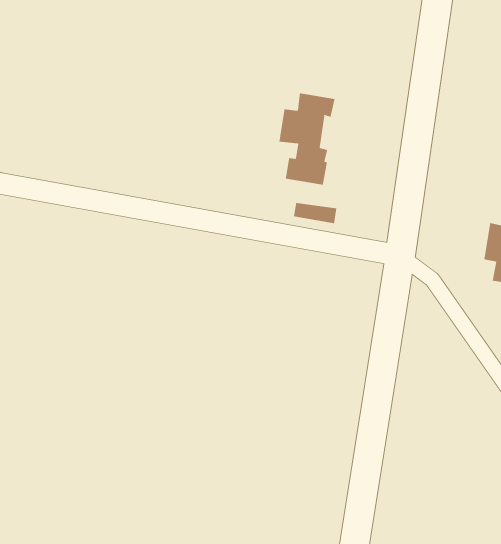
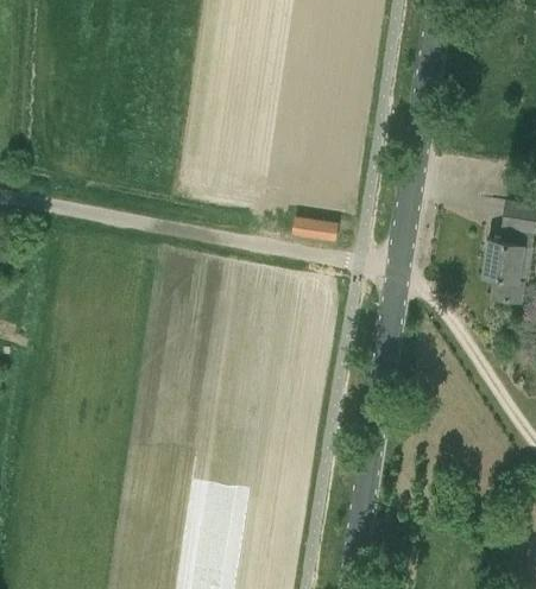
building: [279,93,335,186] -> none

